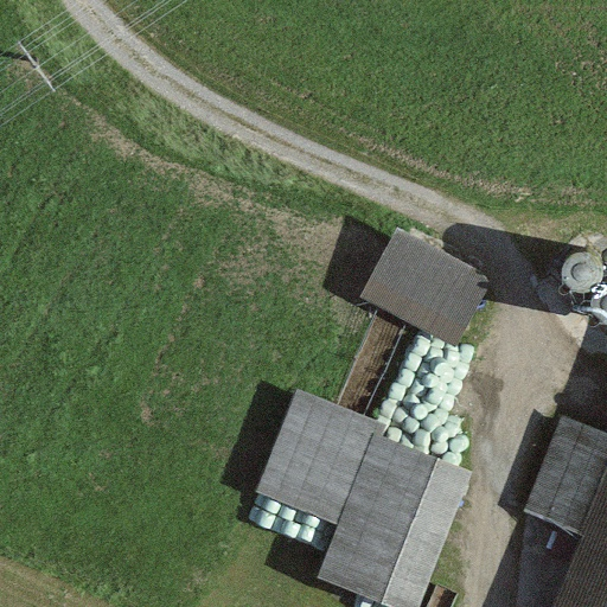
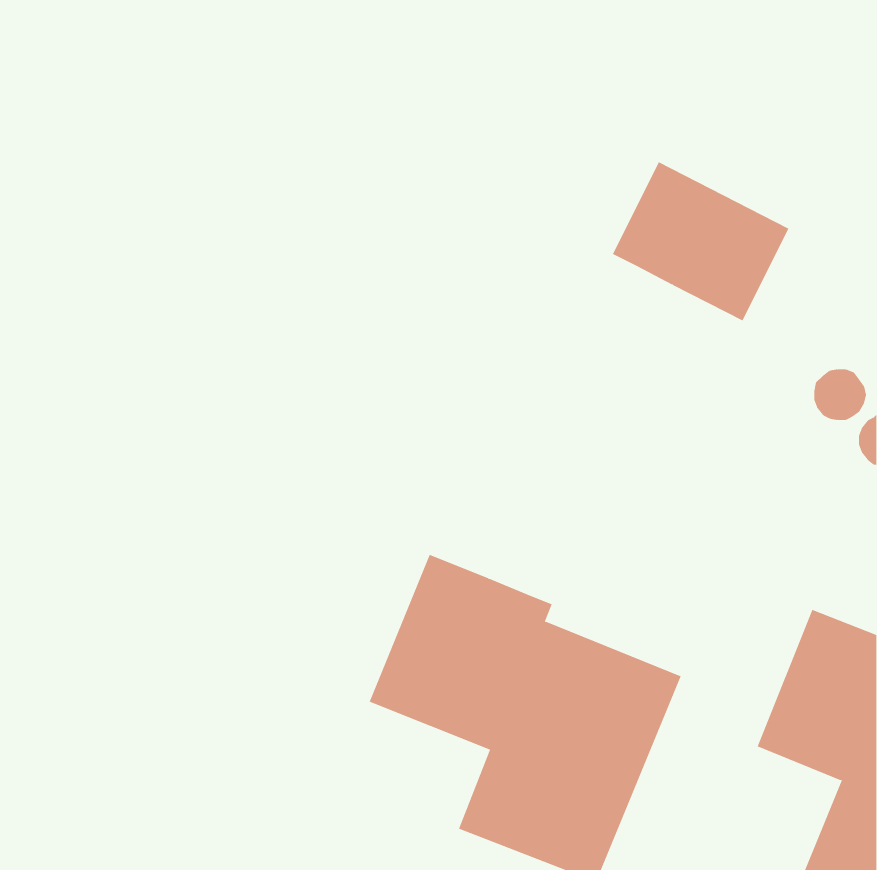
building: [366,231,488,341] -> [612,162,789,321]

